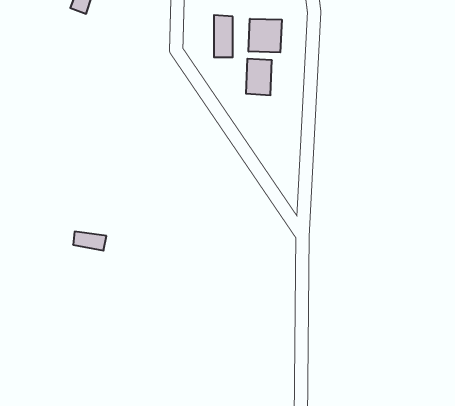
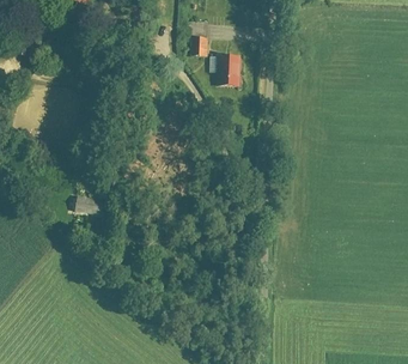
building: [249,19,282,52] -> none

